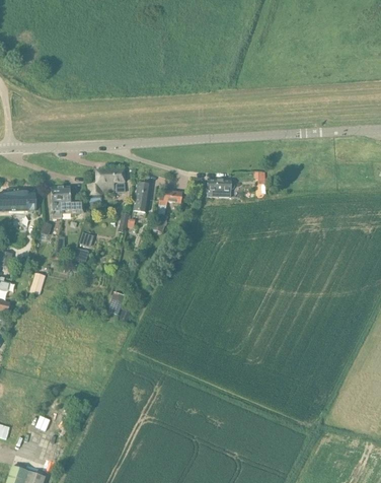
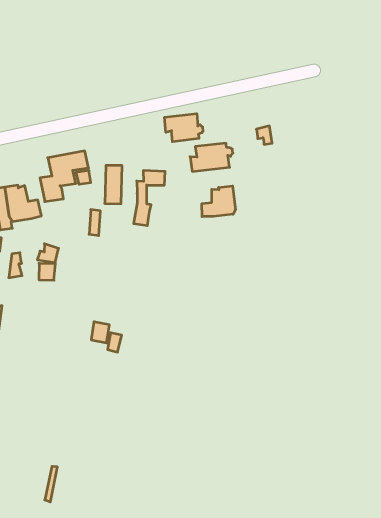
building: none -> [165,114,203,142]
building: none -> [202,186,235,217]

